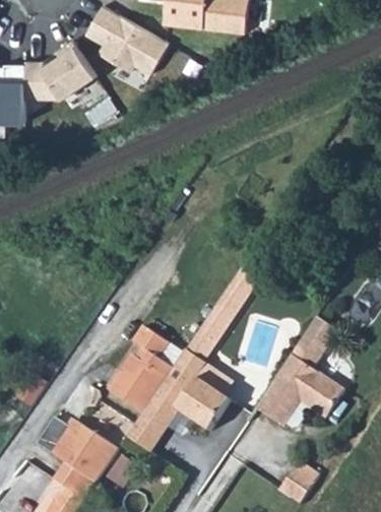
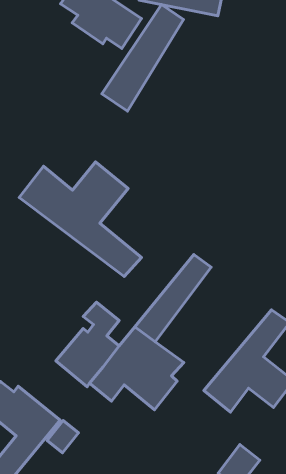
building: none -> [102,5,183,111]
building: [38,40,92,99] -> none
building: none -> [19,162,142,276]
building: [126,410,167,452] -> none

